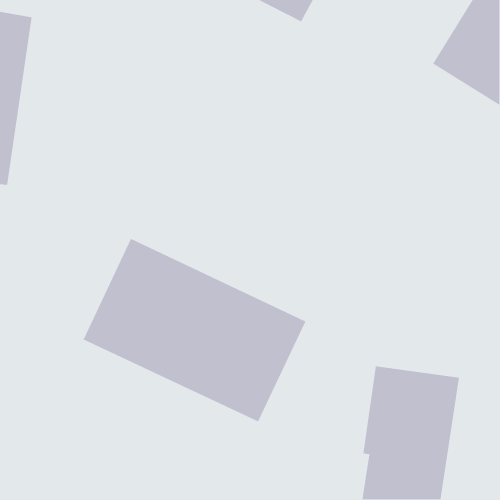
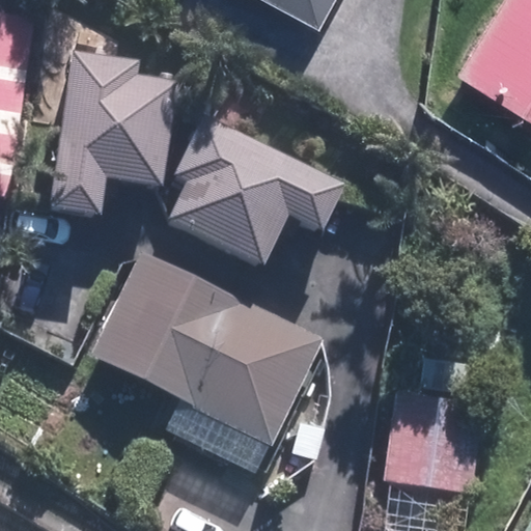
building: none -> [48,54,176,218]
building: none -> [166,118,344,267]

